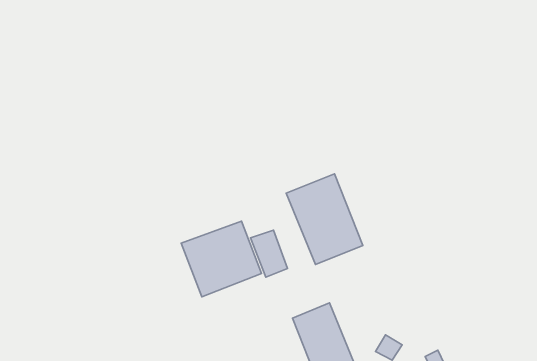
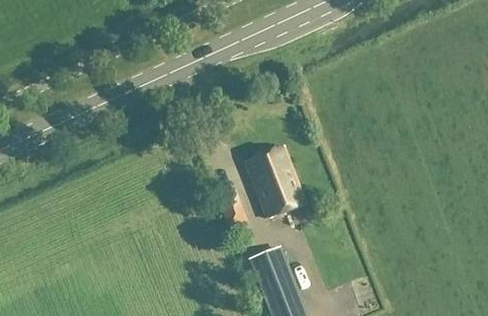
building: [181,221,261,297] -> none

